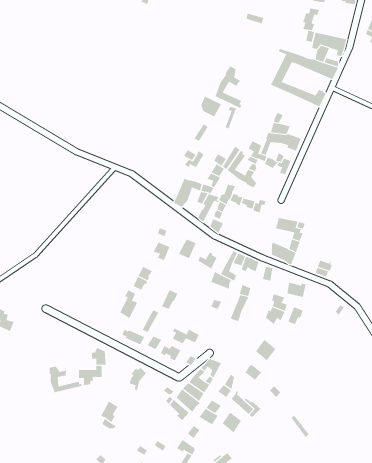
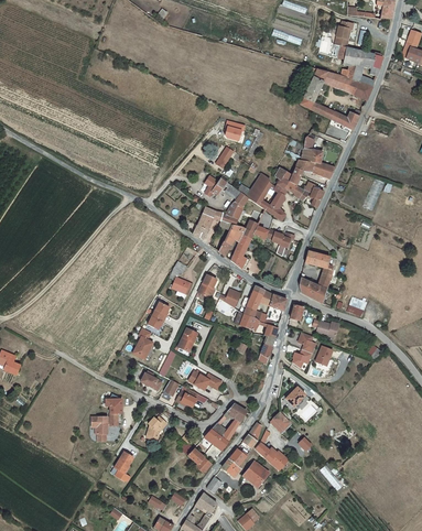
building: [215,66,242,109] -> none
building: [49,366,83,393] -> none

